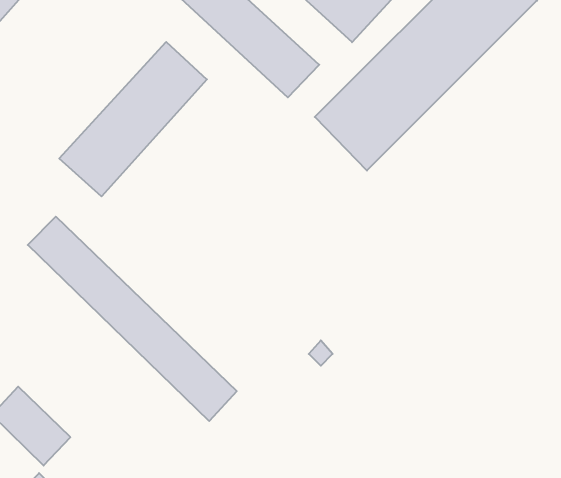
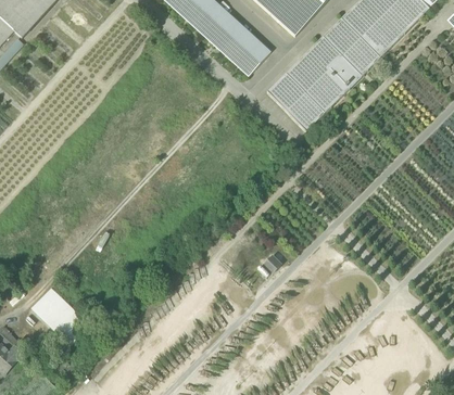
building: [59,42,207,196] -> none
building: [28,217,237,421] -> none

